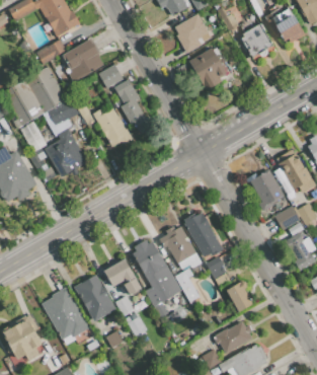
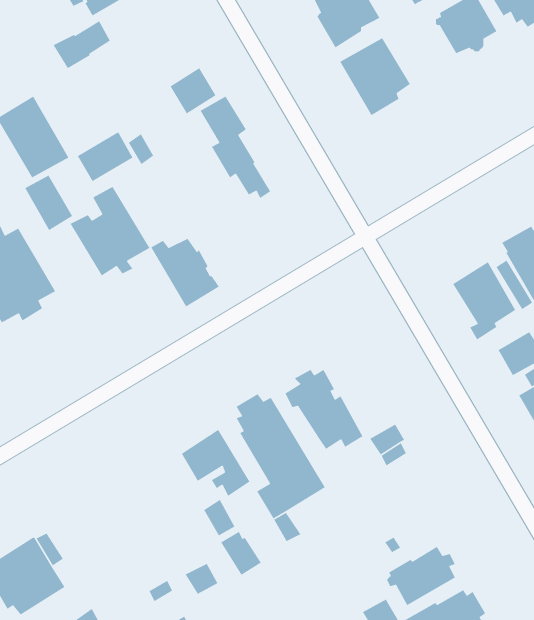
building: [63,38,104,82] -> none
building: [25,66,68,112] -> none
building: [93,108,131,146] -> [150,238,220,308]
building: [184,212,223,257] -> none
building: [175,268,201,302] -> none
building: [74,275,116,321] -> none
building: [226,281,253,312] -> none
building: [42,287,90,340] -> none

